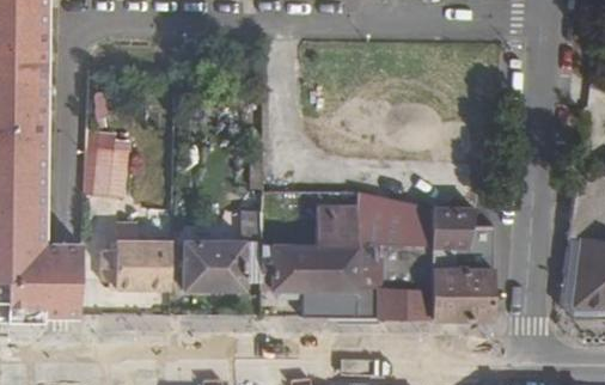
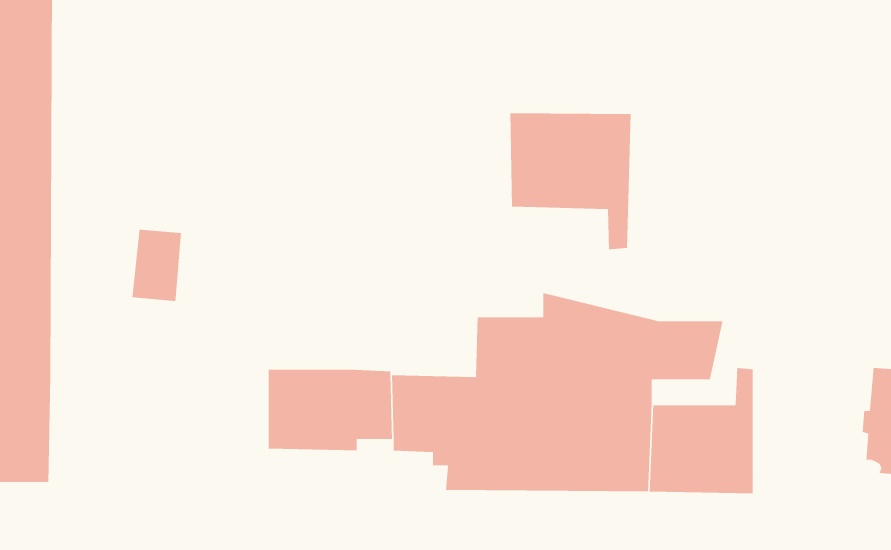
building: none -> [510,112,632,250]
building: [99,219,171,289] -> none
building: [42,244,80,317] -> none

